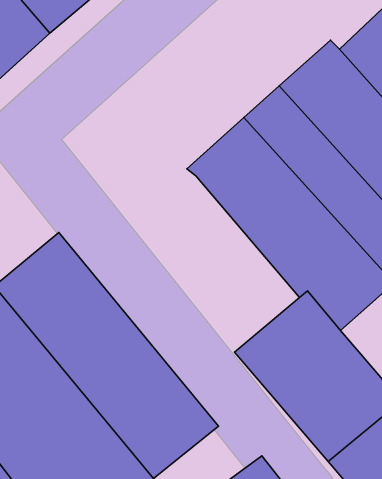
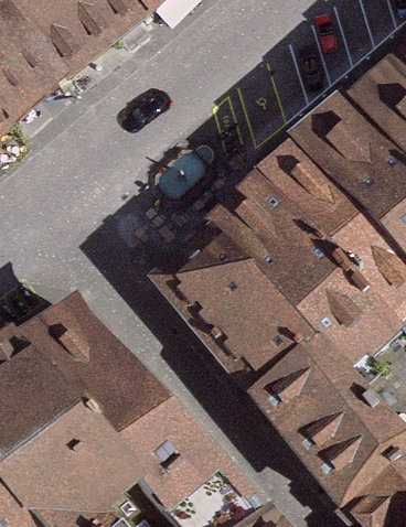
building: none -> [146,224,310,395]

